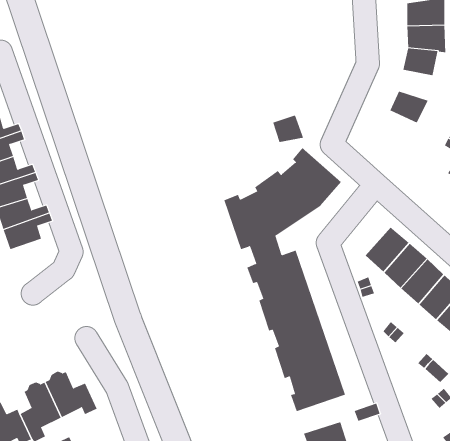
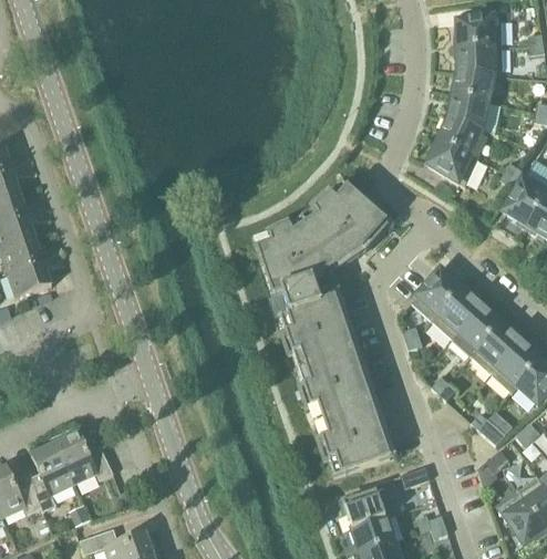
building: none -> [448,95,499,132]
building: none -> [427,141,478,187]
building: [273,114,304,143] -> none

